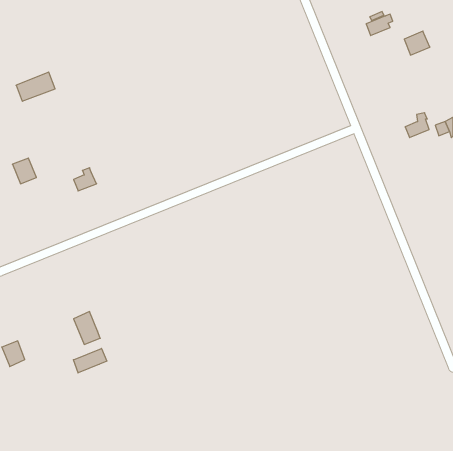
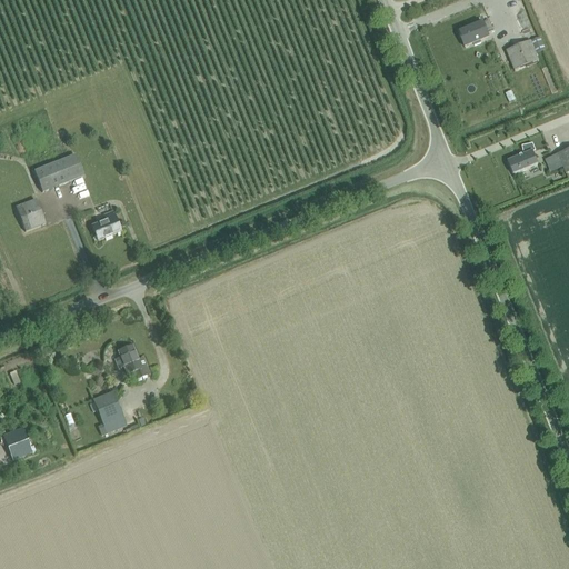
building: [16,72,55,101] -> [34,153,83,190]
building: none -> [114,343,149,378]
building: [73,348,107,373] -> none

